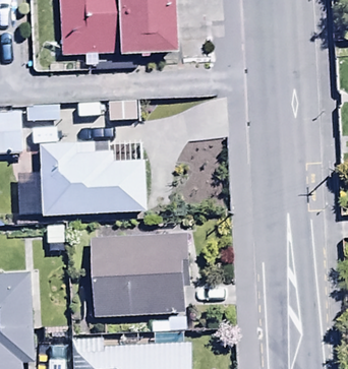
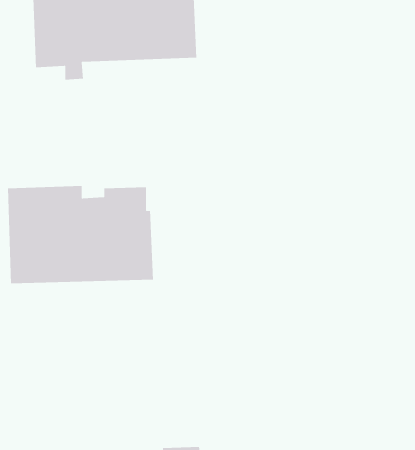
building: [91,234,187,318] -> none

